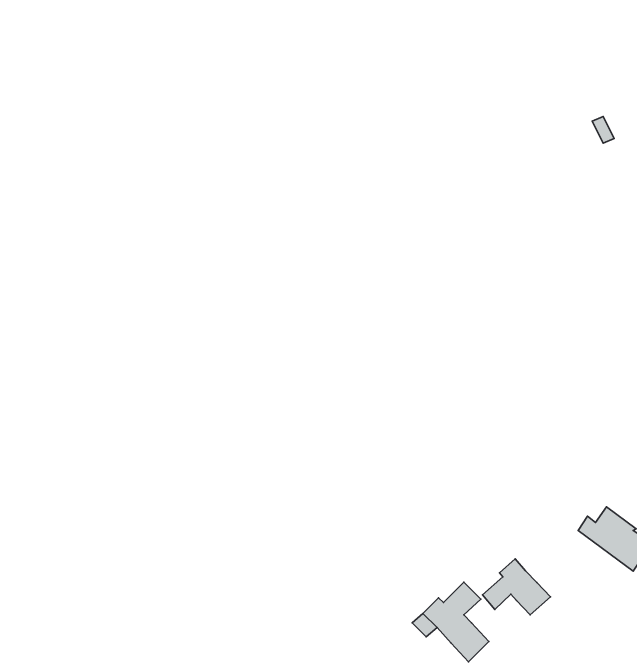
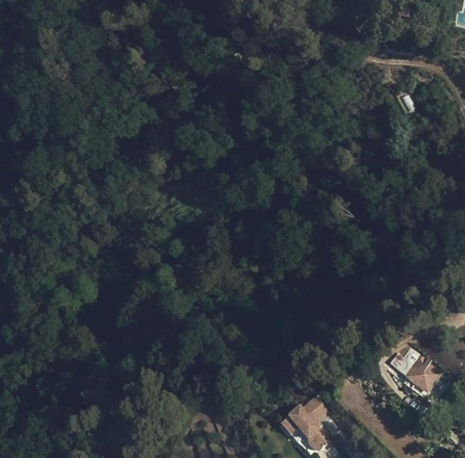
building: [482,559,551,615] -> none

